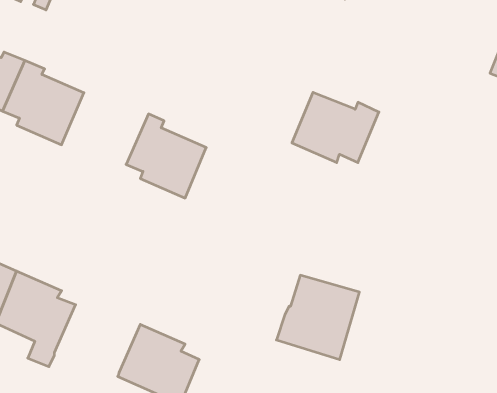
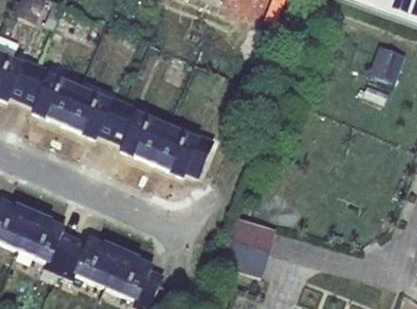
building: [292,92,379,163] -> [153,125,215,175]
building: none -> [65,86,127,137]
building: none -> [60,237,121,288]

